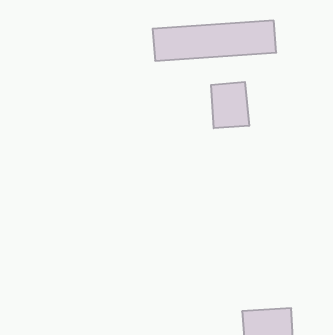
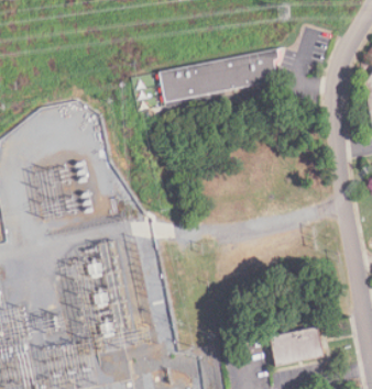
building: [211,82,249,128] -> none

